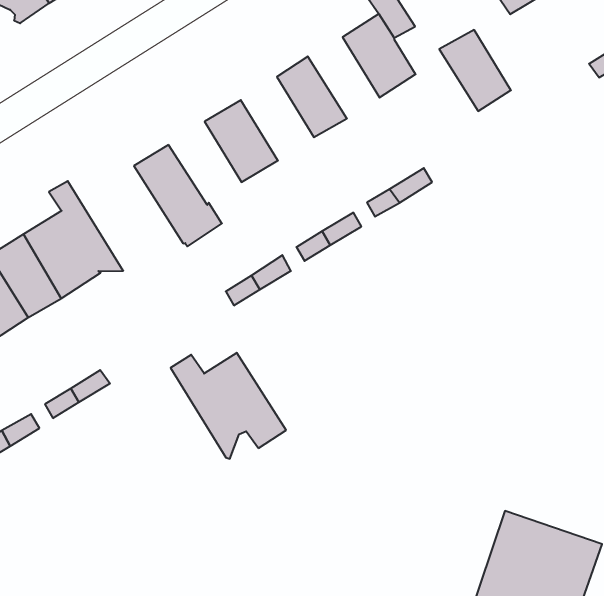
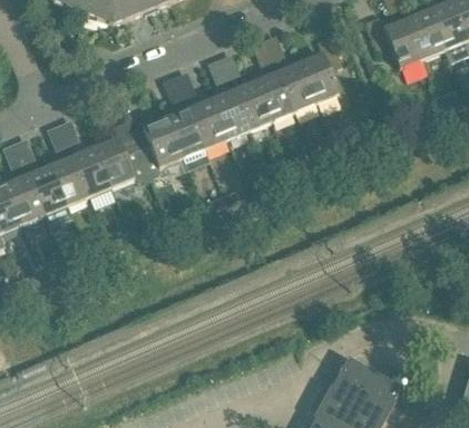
building: [439,30,511,111] -> [277,64,315,111]
building: none -> [234,80,273,129]
building: none -> [187,99,226,148]
building: [171,353,286,459] -> [125,115,186,179]

